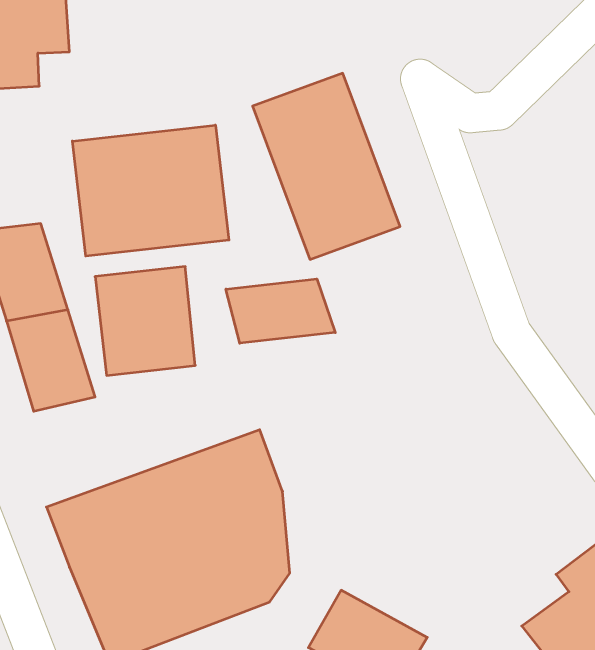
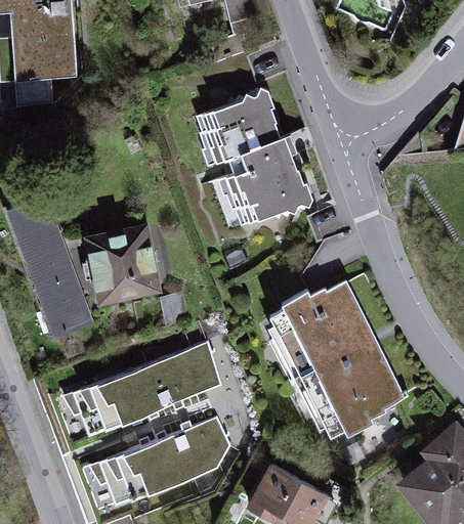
building: [72,125,229,256] -> none
building: [226,279,335,343] -> none
building: none -> [267,278,405,448]

